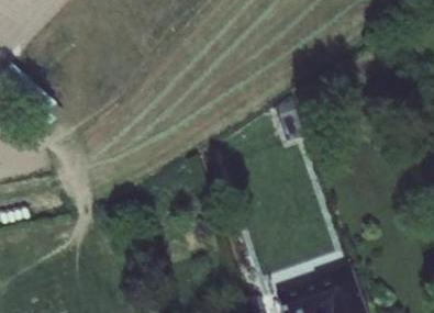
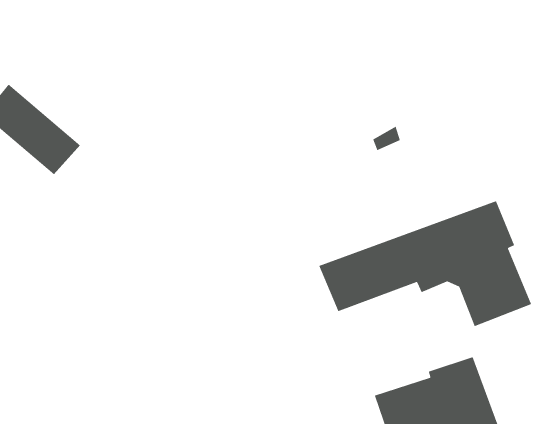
building: none -> [318,200,532,327]

